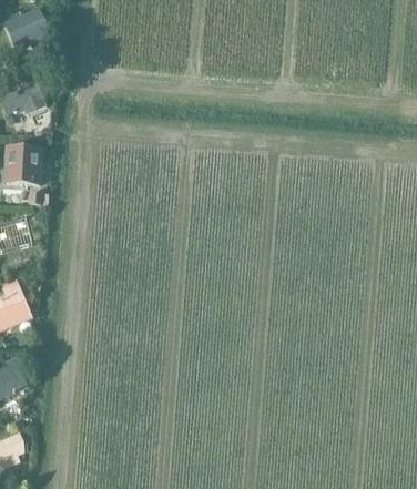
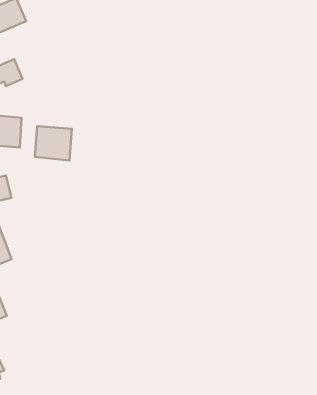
building: none -> [35,126,72,160]

